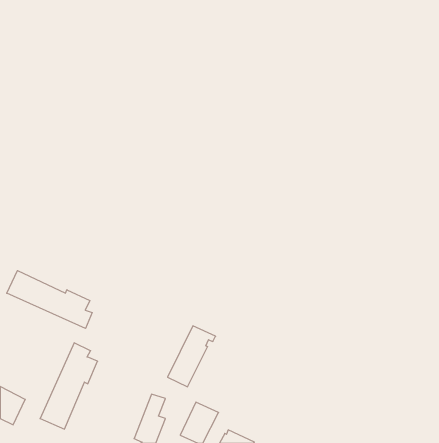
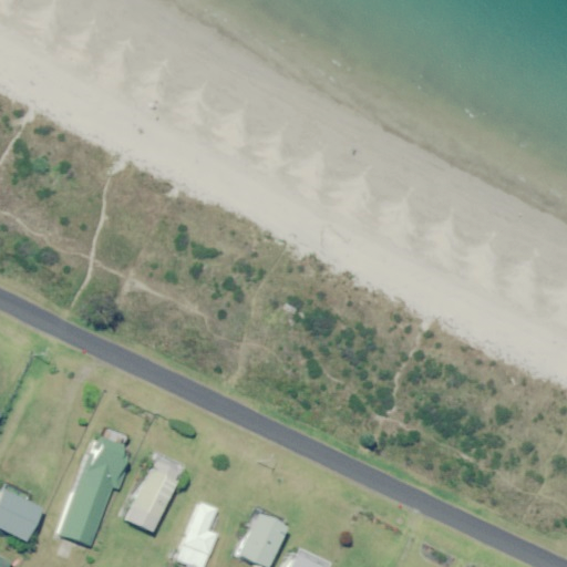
building: [7,271,92,328] -> none
building: [168,326,216,387] -> [125,453,186,530]

